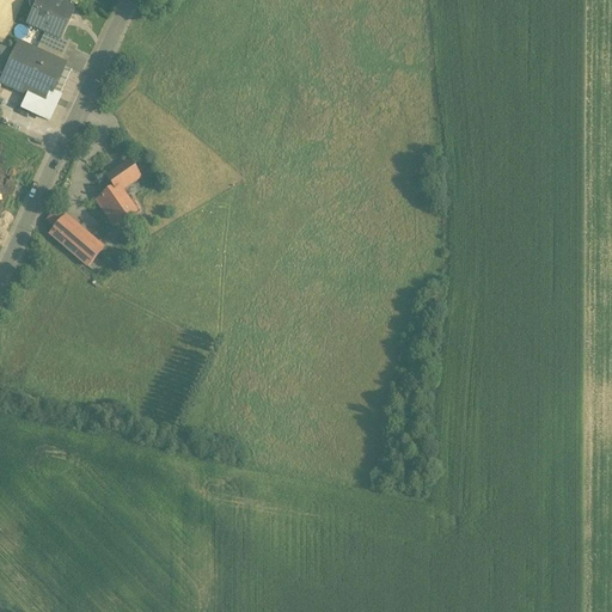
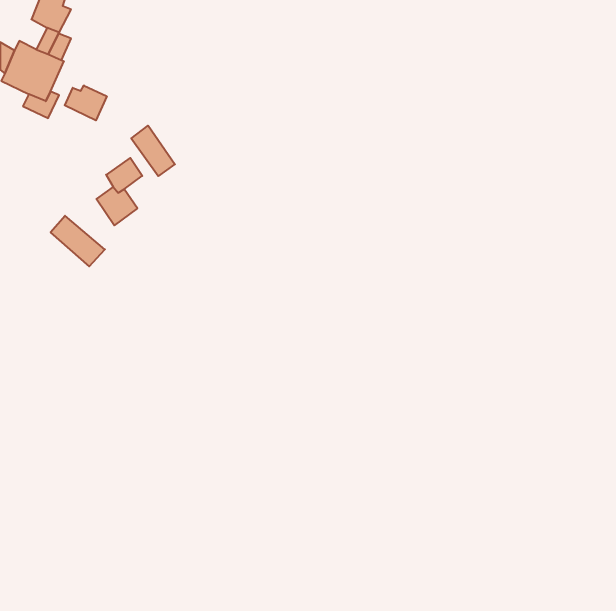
building: none -> [65,85,107,120]
building: none -> [131,126,175,176]

